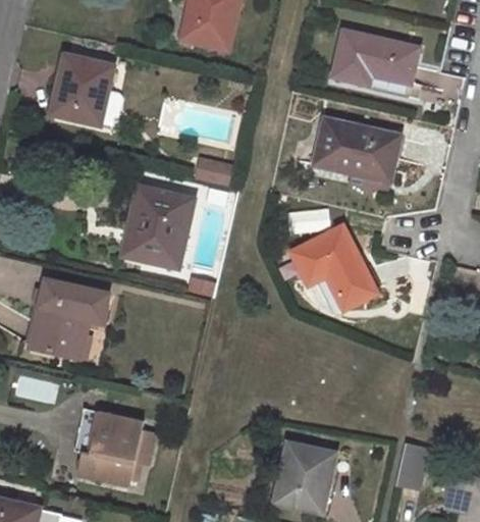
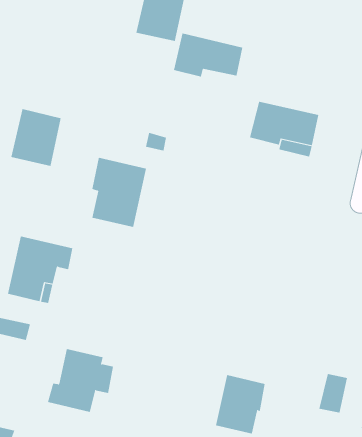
building: [334,32,417,84] -> [173,33,243,77]
building: [52,56,112,124] -> [11,109,62,167]
building: [294,229,374,308] -> none

